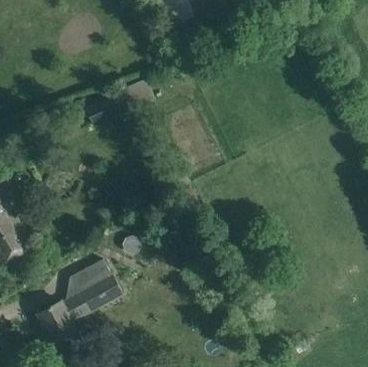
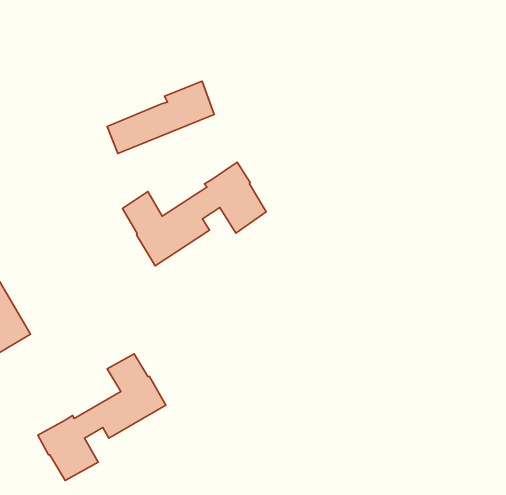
building: none -> [123,162,266,266]

